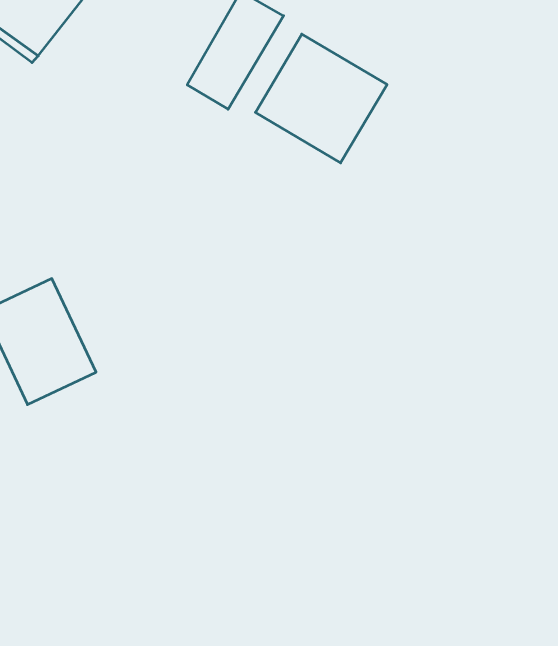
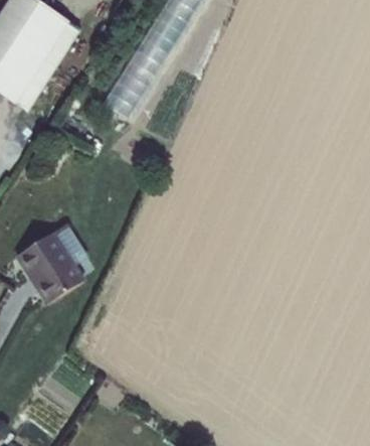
building: [255,34,387,163] -> none

